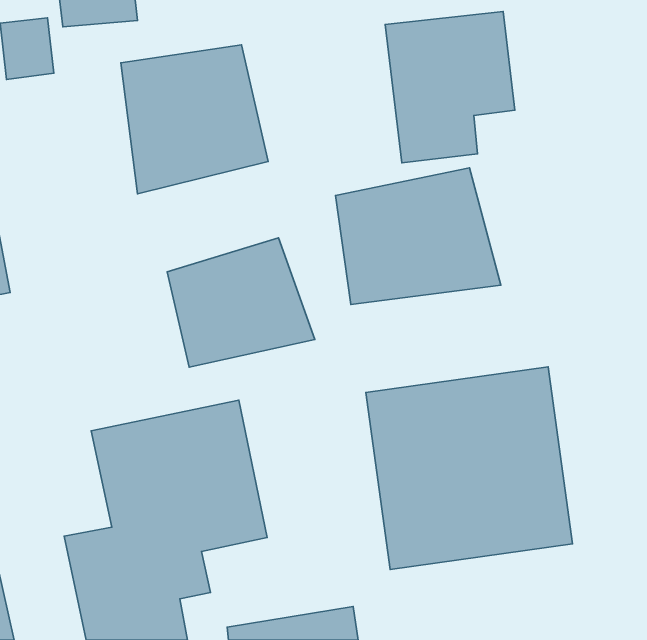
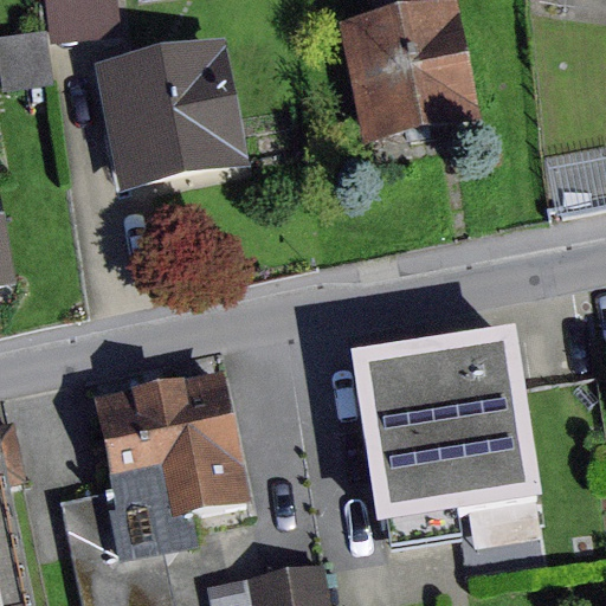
building: [335,168,501,305] -> none
building: [167,238,315,367] -> none

